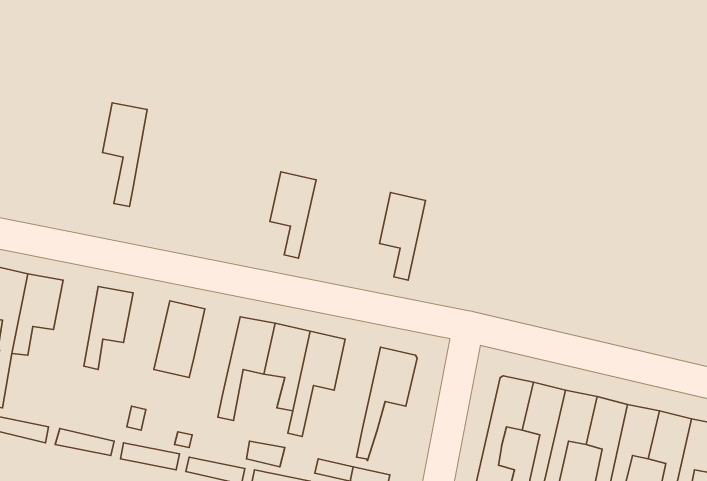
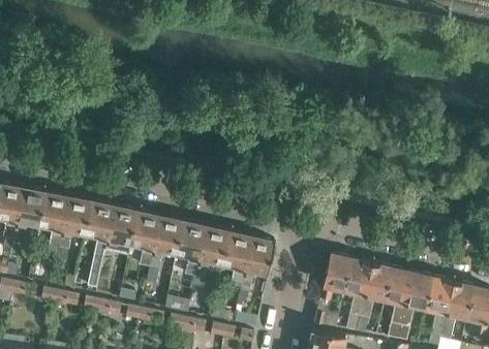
building: [103,103,147,207] -> [39,191,68,258]
building: [270,172,316,258] -> [130,210,160,265]
building: [379,192,426,280] -> [221,229,251,286]
building: none -> [85,199,115,256]

